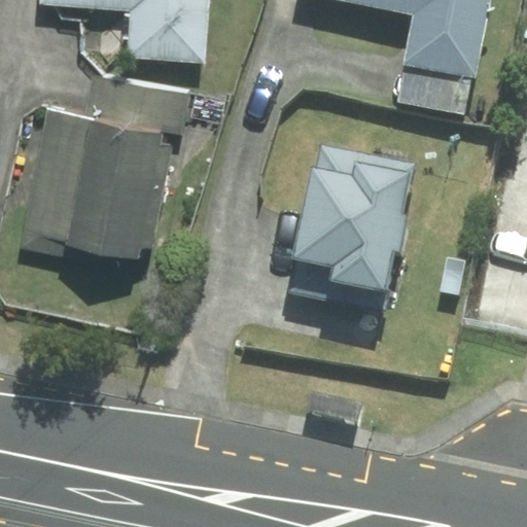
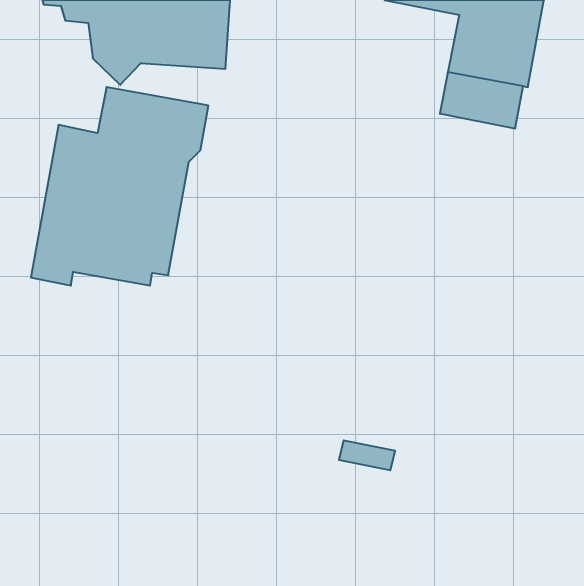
building: [290,144,416,310] -> none

